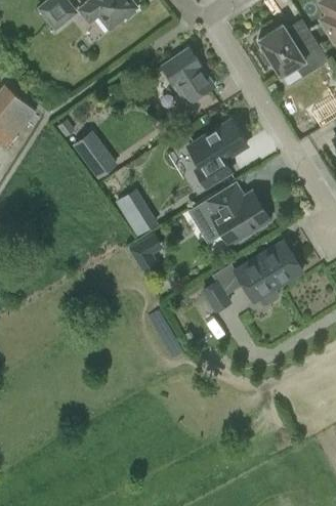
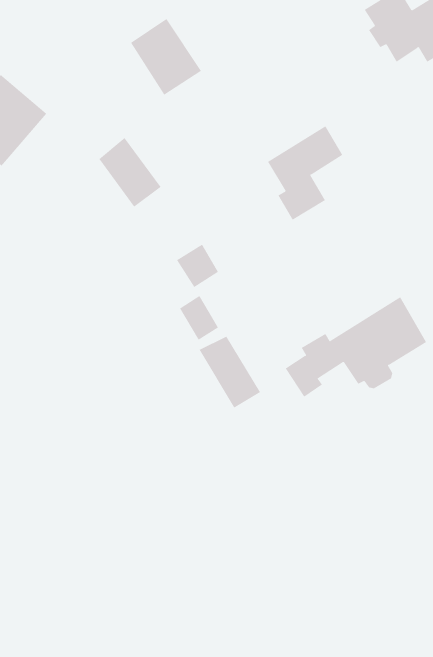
building: [163,49,213,103] -> [130,18,202,96]
building: [206,184,269,246] -> none
building: none -> [199,336,261,408]

